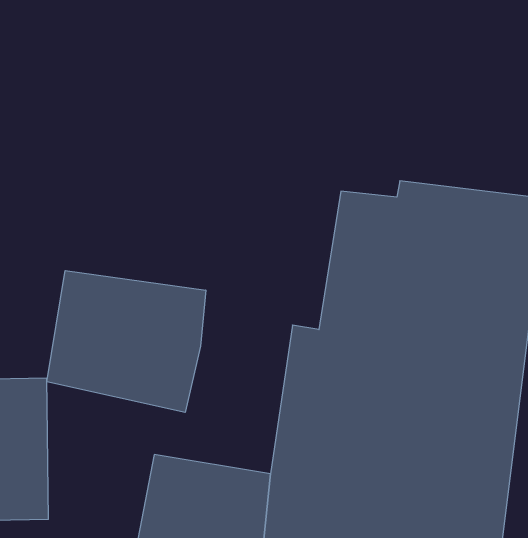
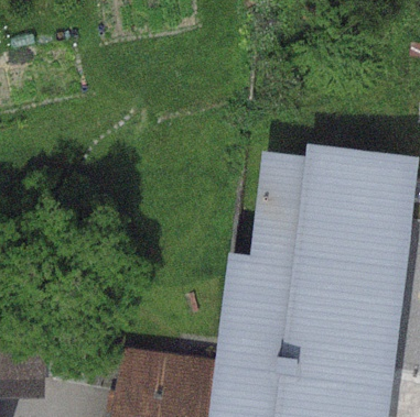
building: [47,271,206,412] -> none

